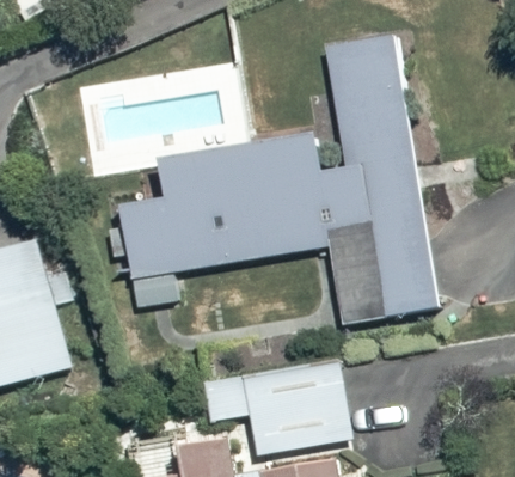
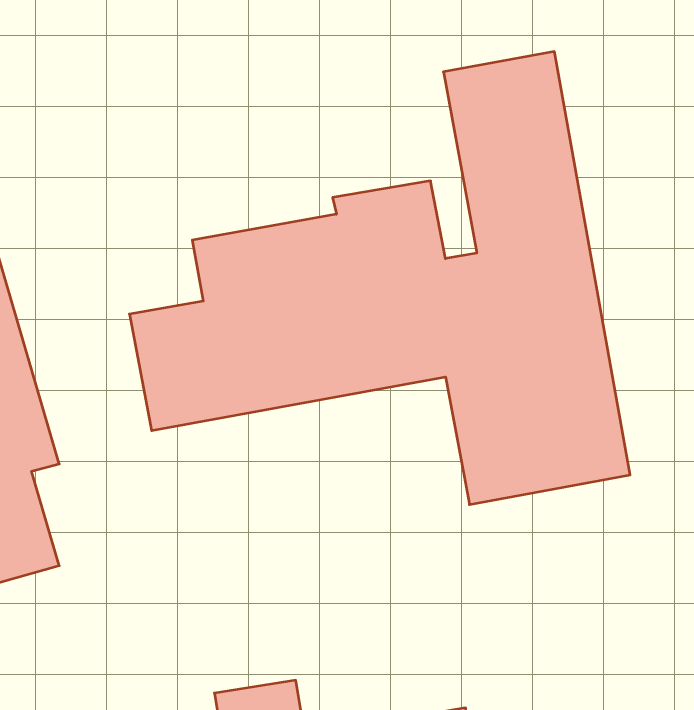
building: [203,371,348,454] -> none

